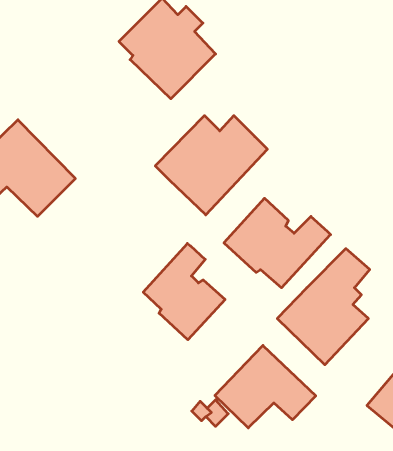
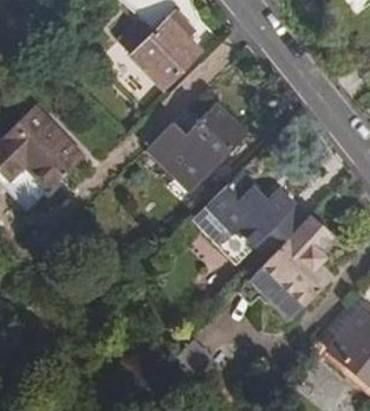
building: [143,243,225,340] -> none
building: [215,345,316,428] -> none

